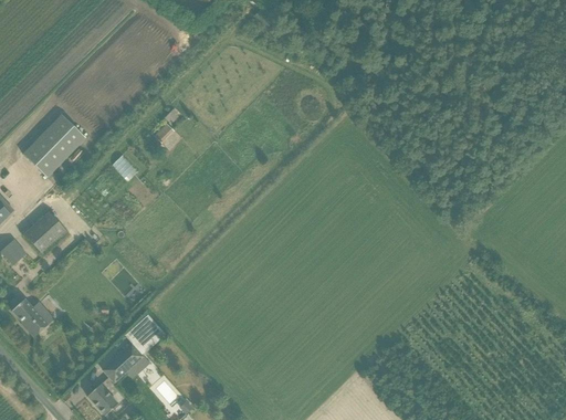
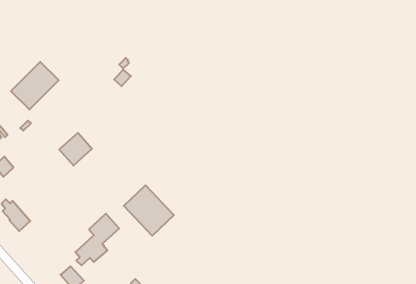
building: [23,209,66,252] -> [59,133,92,166]
building: none -> [124,185,174,236]

